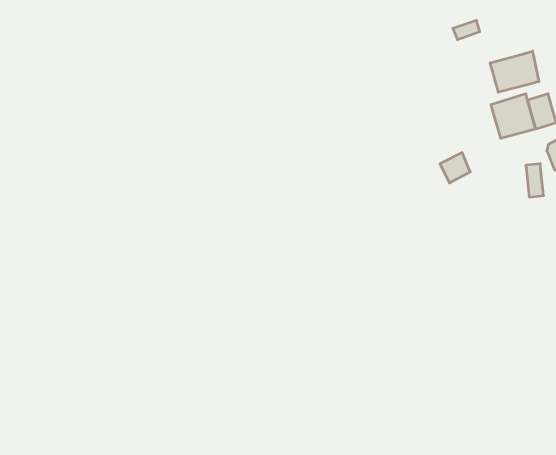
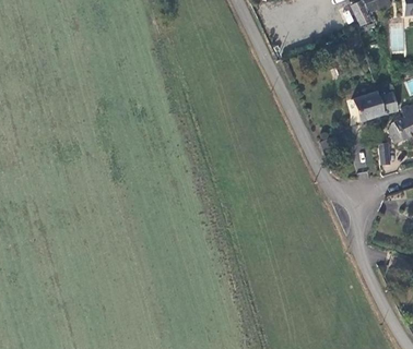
building: [490,51,539,92] -> none

